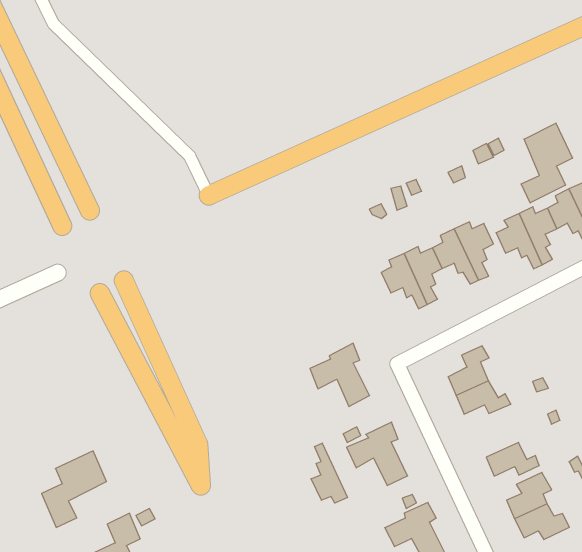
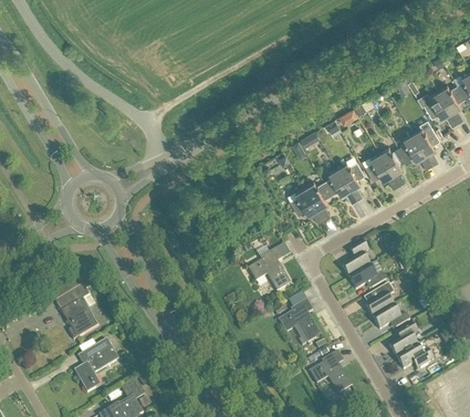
building: [521,123,572,203] -> none
building: none -> [54,284,98,341]
building: none -> [365,283,394,317]
building: [311,443,347,503] -> none

